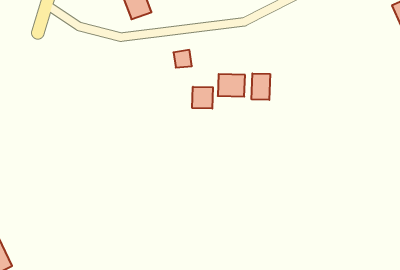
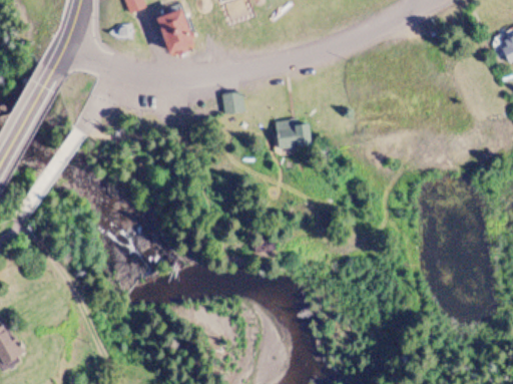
building: [252,73,270,100] -> none
building: [192,87,213,109] -> none

